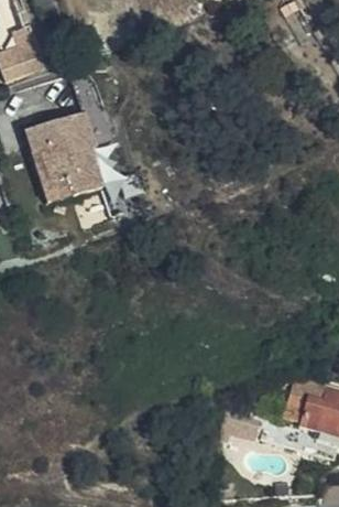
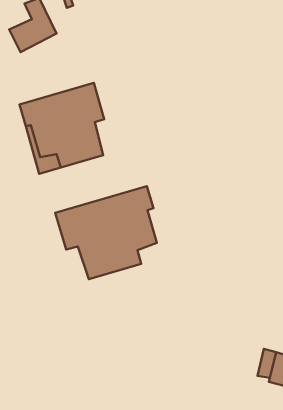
building: none -> [55,186,157,279]

